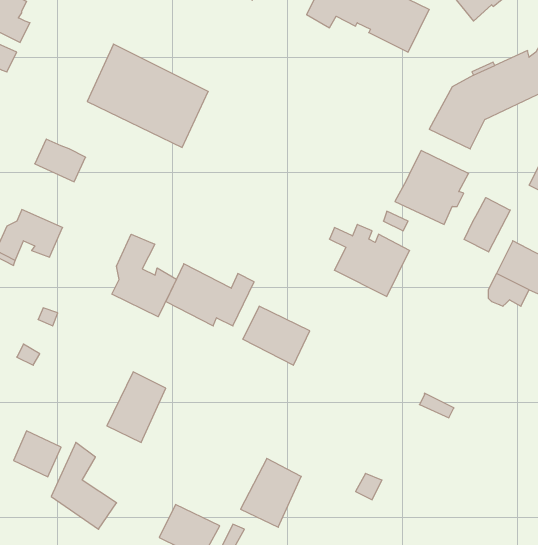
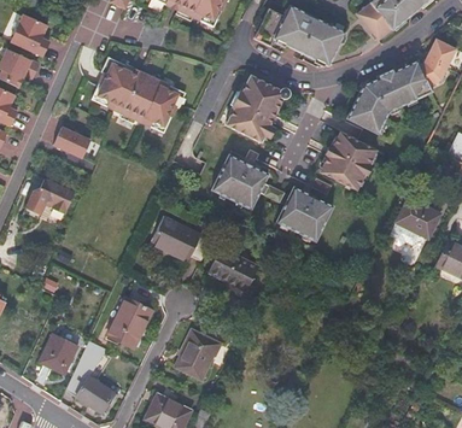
building: none -> [224,77,287,143]
building: none -> [211,158,275,211]
building: [464,198,510,252] -> none
building: [112,234,176,317] -> none
building: [241,458,301,527] -> [174,332,218,382]

